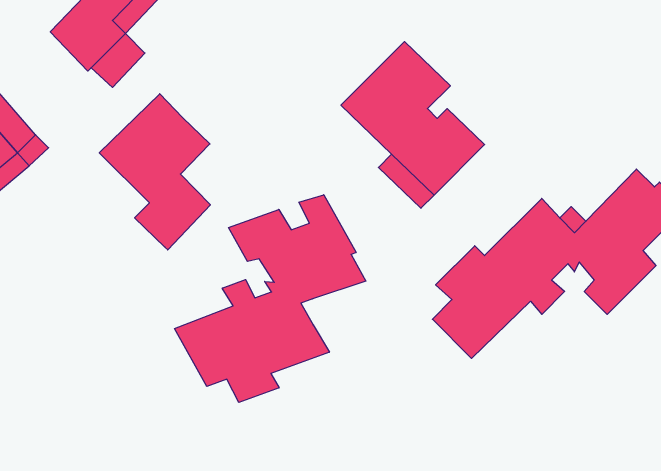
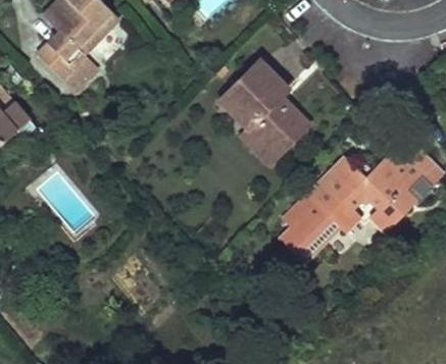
building: [99,94,210,250] -> none
building: [175,195,366,402] -> none

